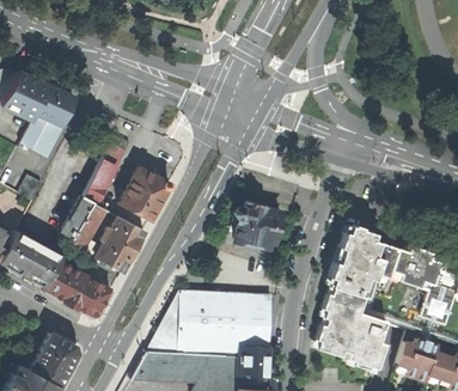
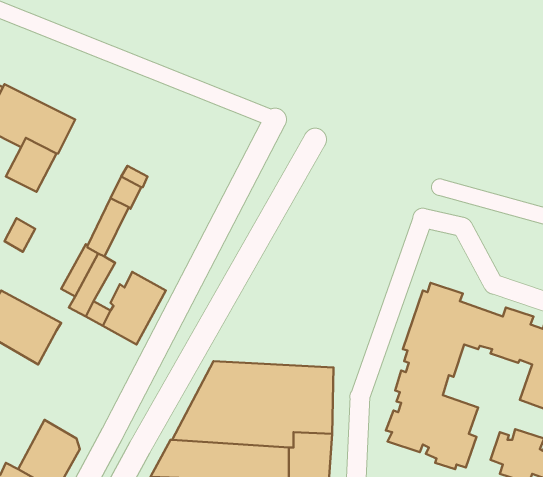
building: [118,171,170,225] -> none
building: [234,204,279,253] -> none
building: [44,265,112,319] -> none

